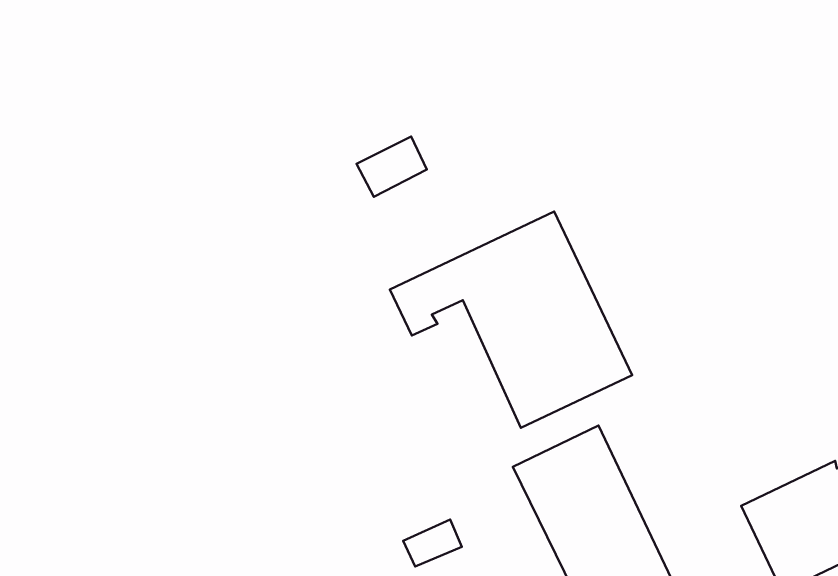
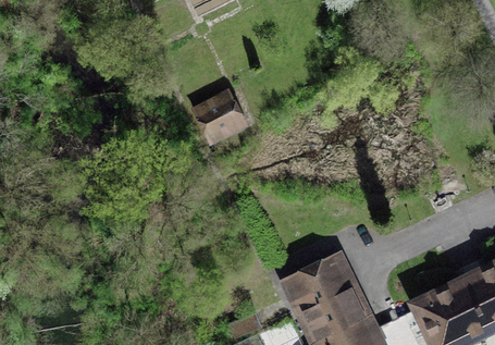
building: [390,211,632,428] -> none

